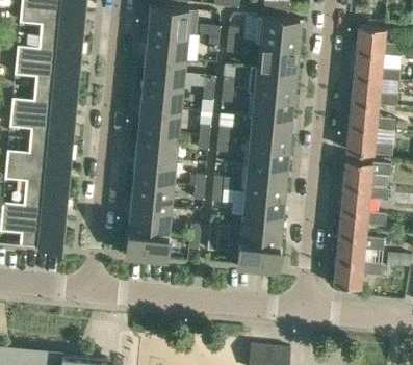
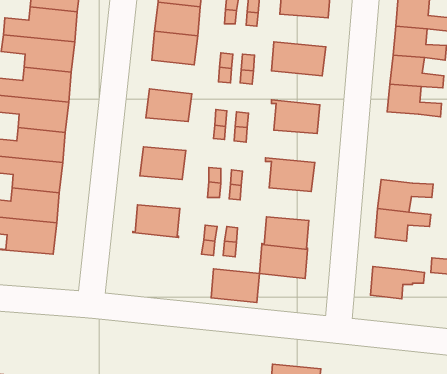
building: [250,43,296,71] -> none
building: [143,82,181,111] -> none
building: [248,92,291,121] -> none
building: [345,127,391,156] -> none
building: [137,132,176,160] -> none
building: [242,142,287,171] -> none
building: [342,160,390,188] -> none
building: [132,182,171,210] -> none
building: [243,192,282,220] -> none
building: [126,231,167,260] -> [211,269,259,303]
building: [335,235,383,263] -> none

